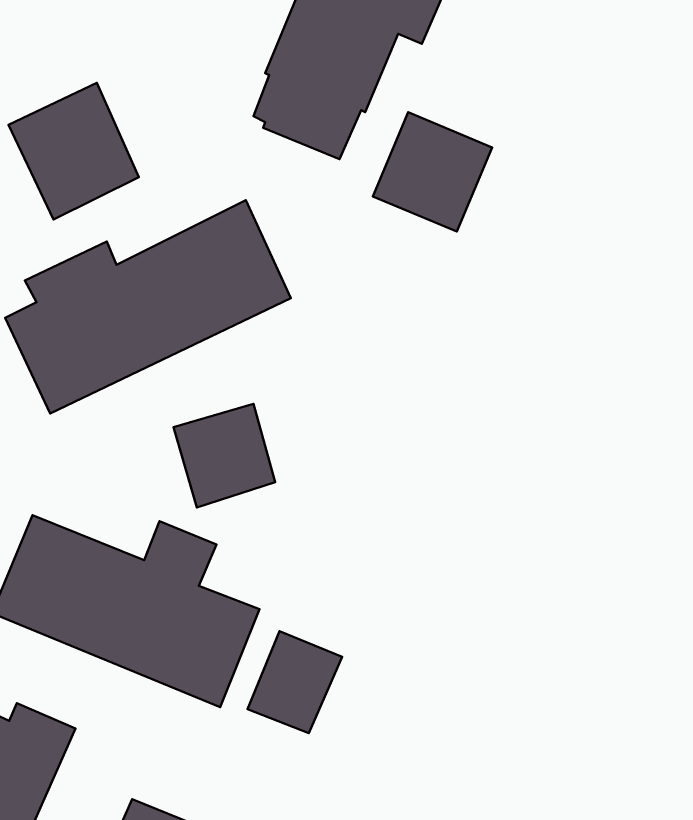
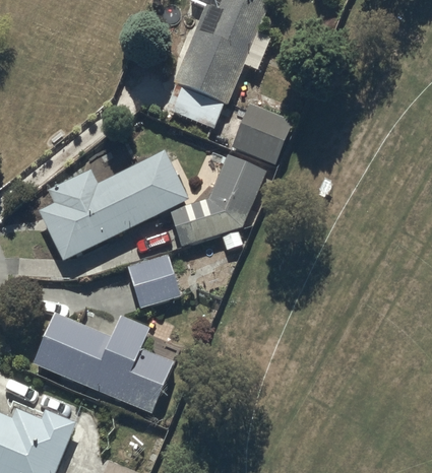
building: [8,83,139,220] -> none
building: none -> [170,153,267,249]
building: [248,631,342,733] -> none

